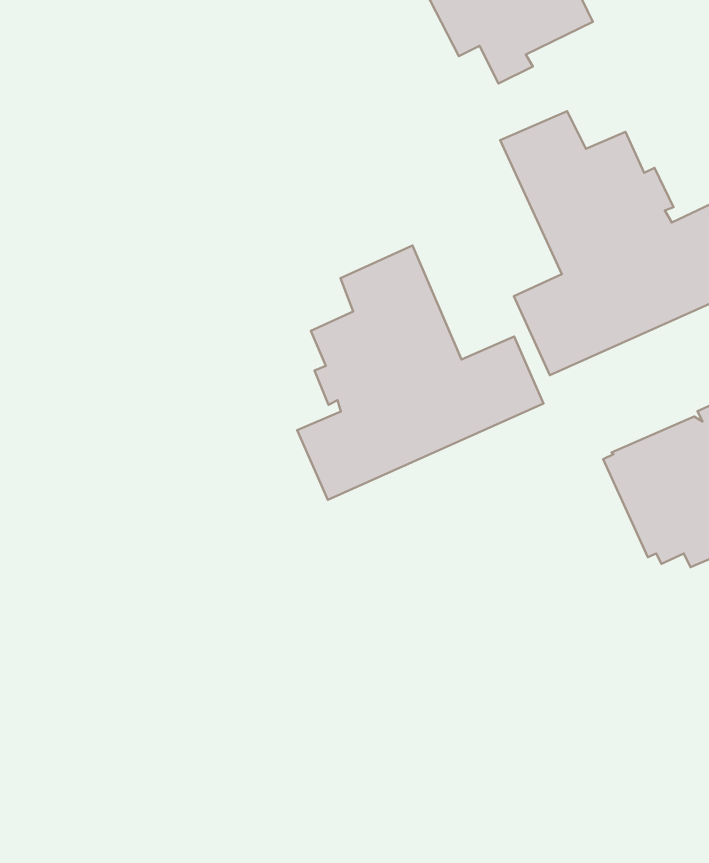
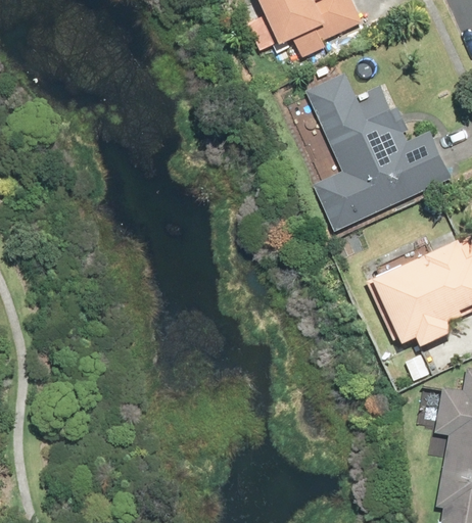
building: [297,245,544,500] -> none

